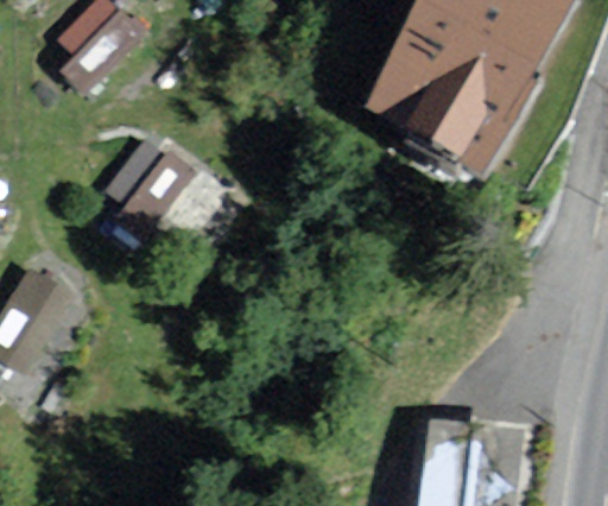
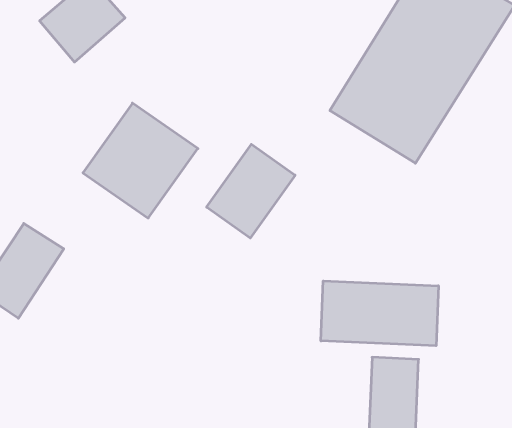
building: none -> [207,144,295,238]
building: none -> [321,281,438,346]

